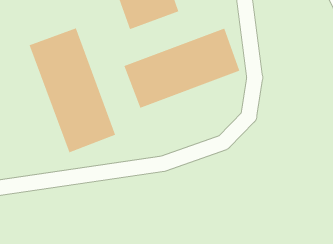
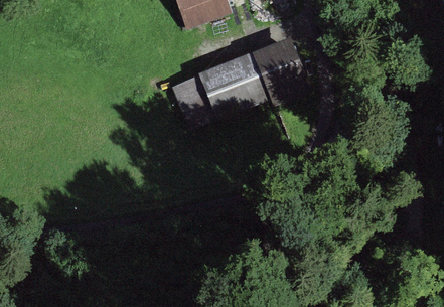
building: [29,27,116,153] -> none

